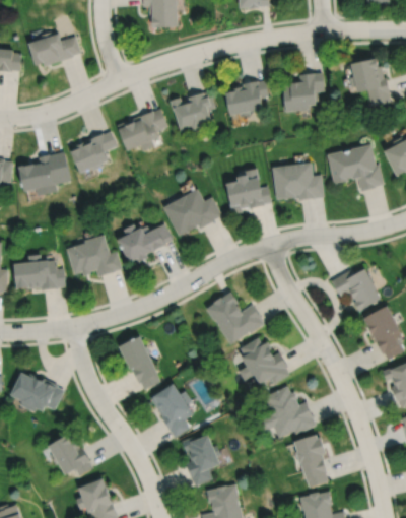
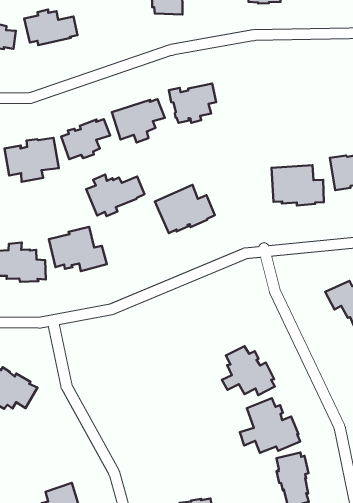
building: [282,72,325,111] -> none
building: [226,80,269,117] -> none
building: [226,168,272,214] -> none
building: [117,223,173,263] -> [86,174,144,216]
building: [206,292,264,345] -> none
building: [119,337,159,390] -> none
building: [150,384,193,439] -> none
building: [48,436,92,477] -> none
building: [182,436,220,488] -> none

